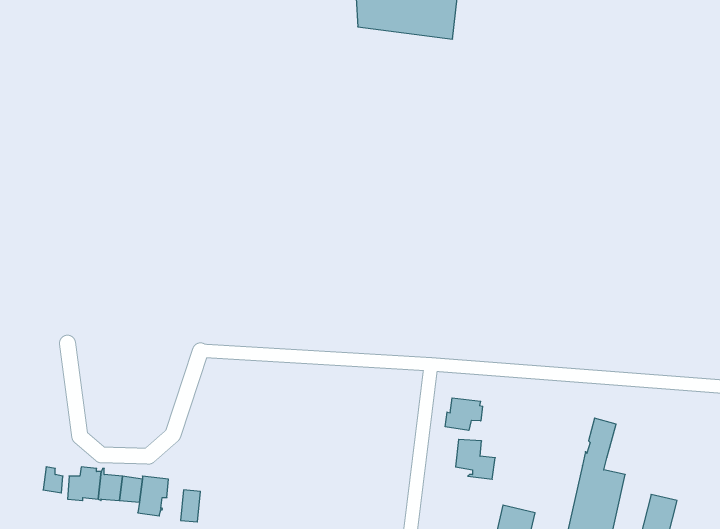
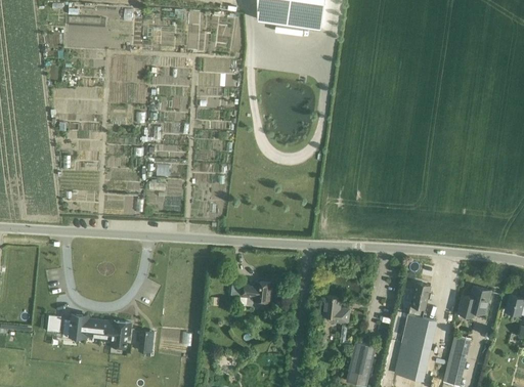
building: [445,398,483,430] -> none
building: none -> [244,282,272,302]
building: none -> [458,287,491,317]

